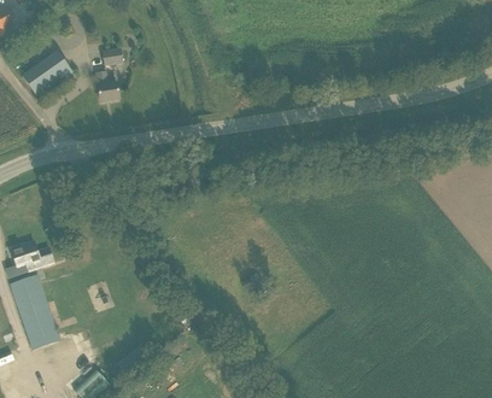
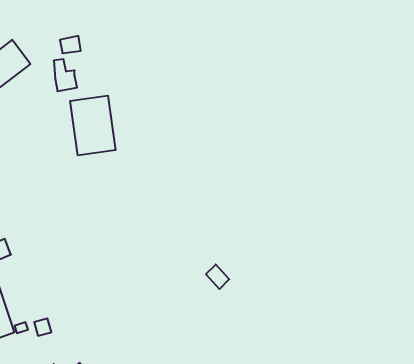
building: none -> [70,96,116,155]

